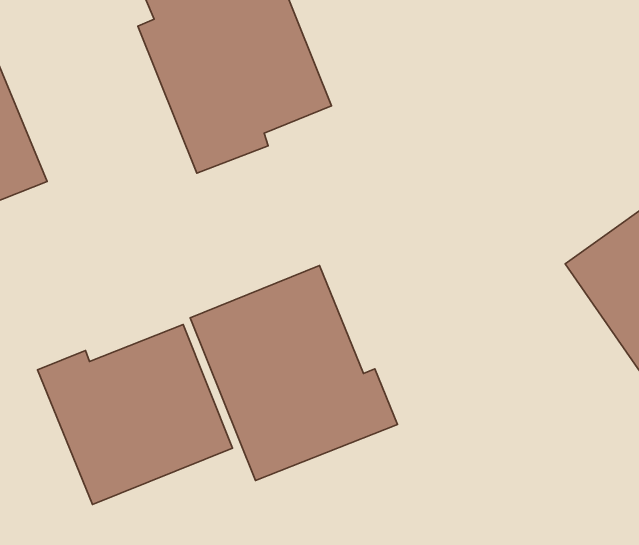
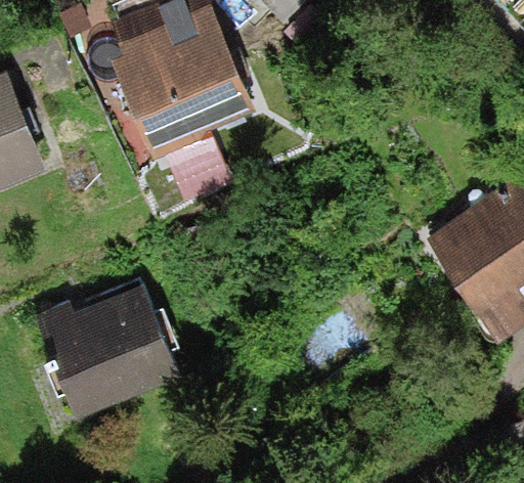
building: [190,265,397,481] -> none

